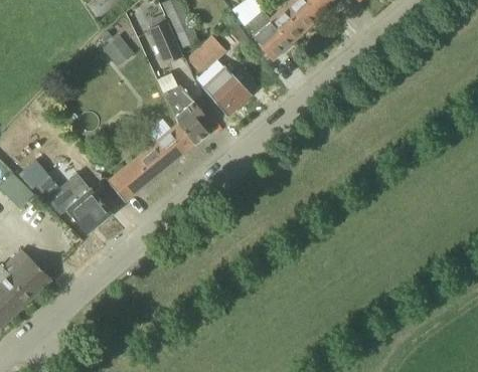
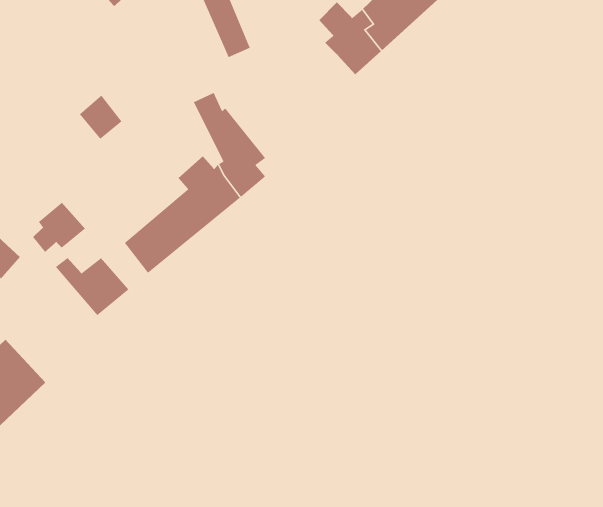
building: [150,21,182,63] -> none
building: [104,34,135,66] -> [79,95,123,140]
building: [188,36,253,117] -> none

